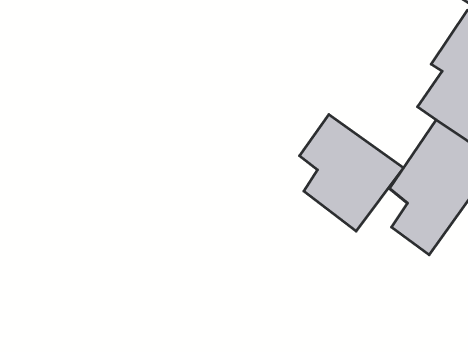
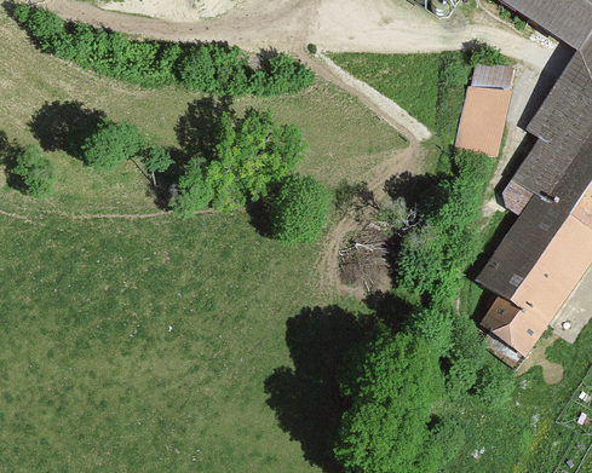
building: [300,114,404,231] -> none

